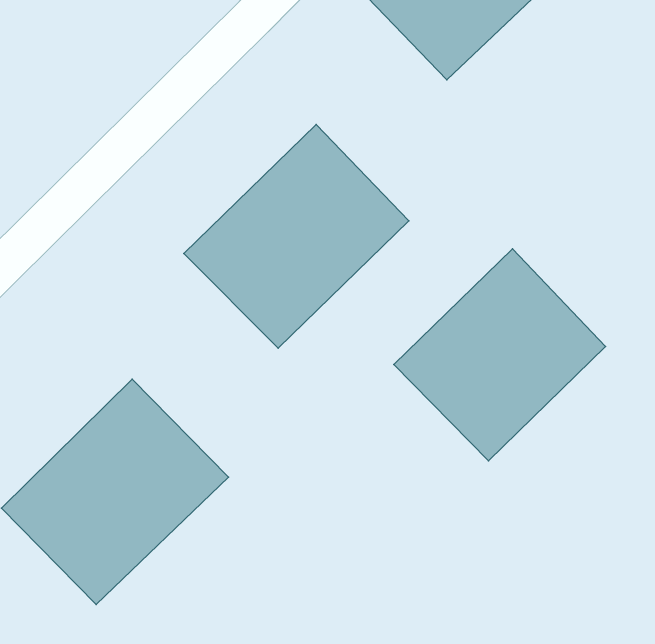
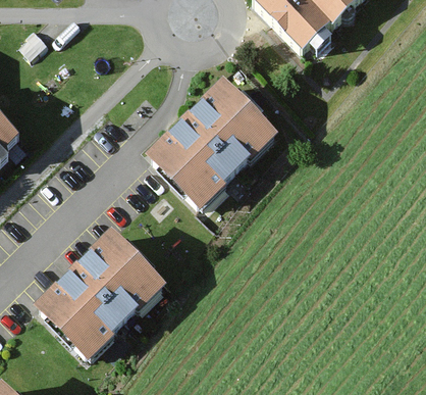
building: [394,249,606,461] -> none

